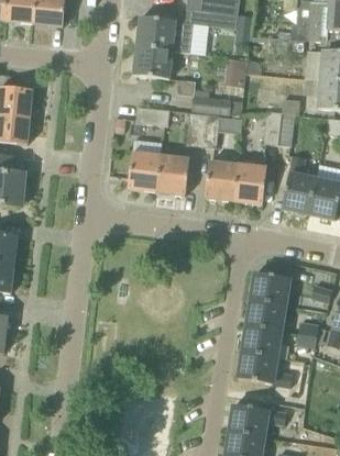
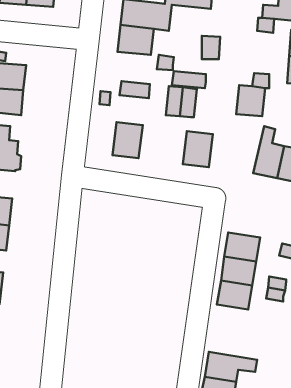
building: [156,155,189,194] -> none
building: [233,156,266,204] -> none
building: [238,352,292,387] -> none

